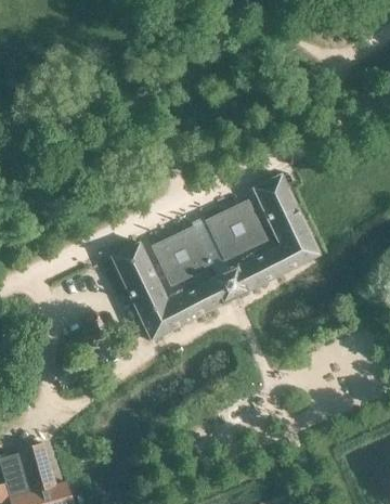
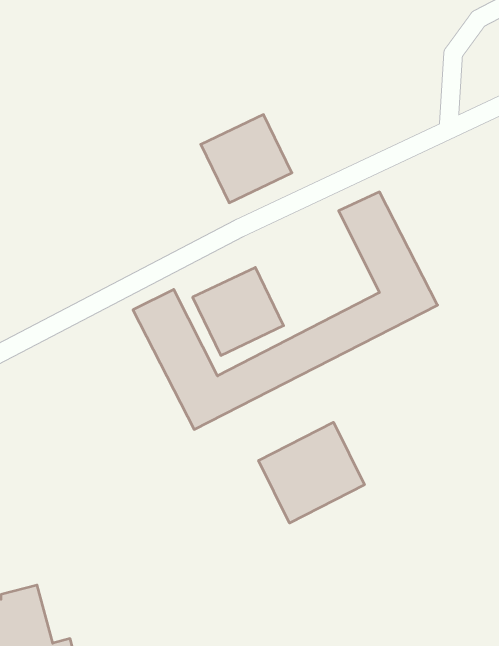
building: [205,198,268,259] -> [201,115,292,203]
building: none -> [259,422,364,523]

